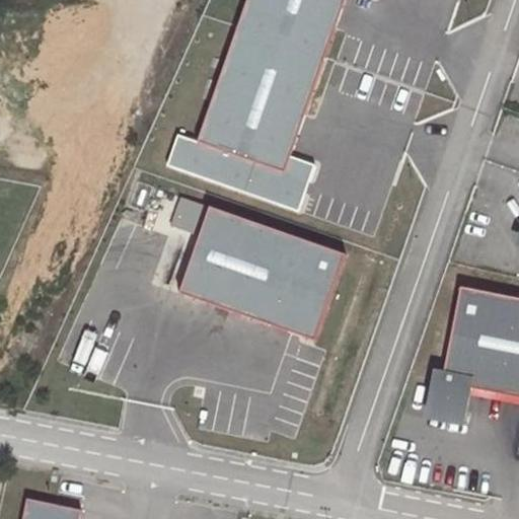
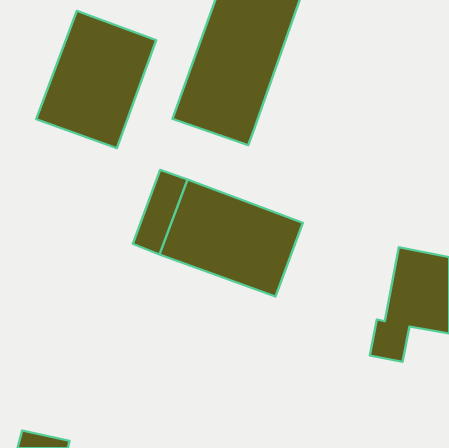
building: none -> [36,11,156,148]
building: [169,131,315,212] -> none

